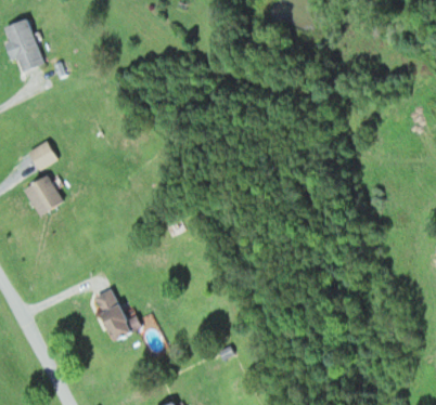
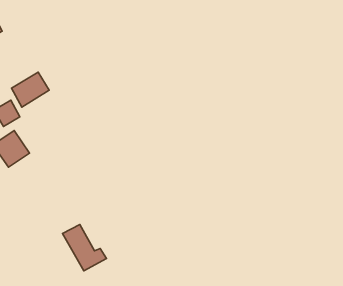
building: none -> [12,72,49,107]

